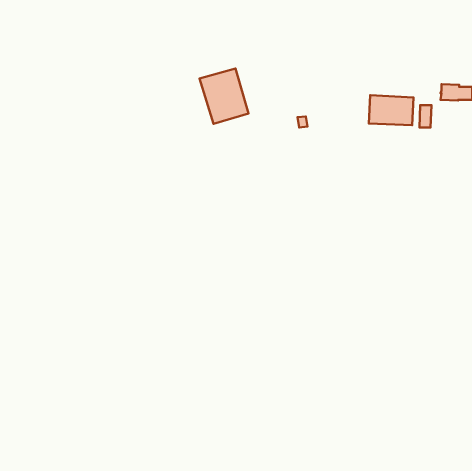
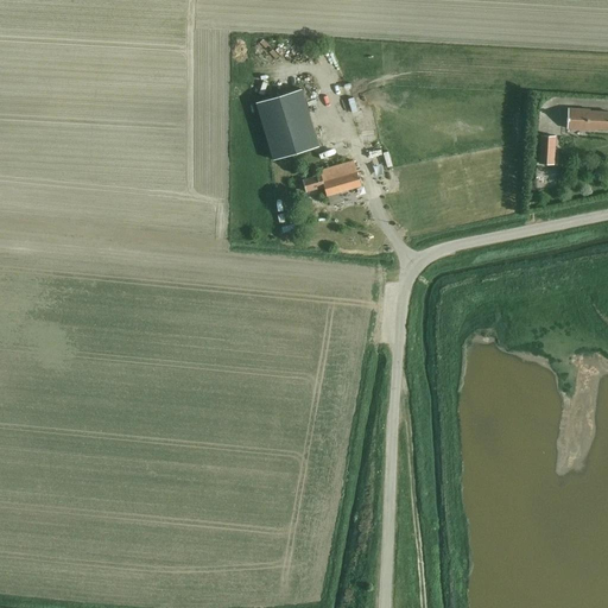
building: [369,95,413,125] -> none
building: none -> [303,162,361,196]

